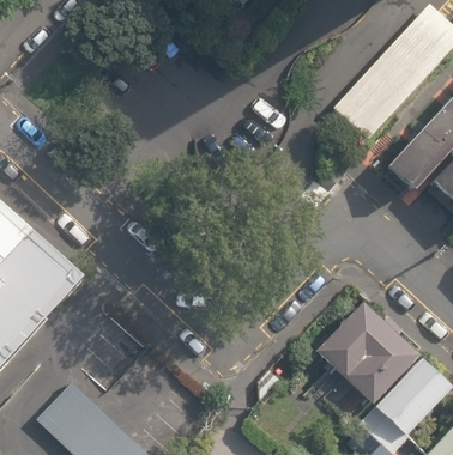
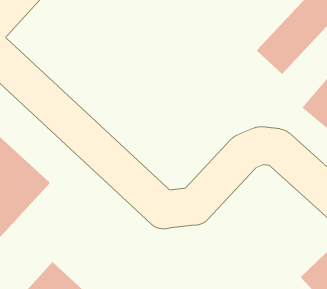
building: [316,305,411,399] -> none

